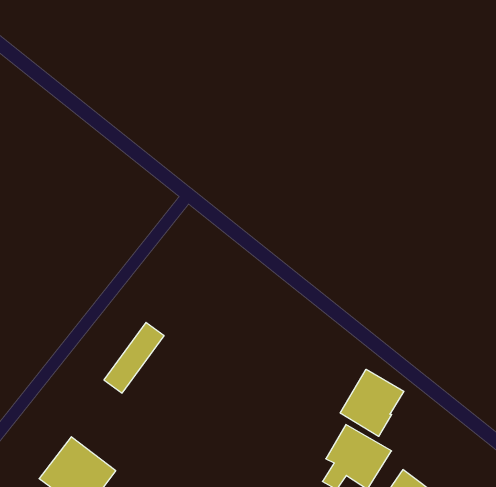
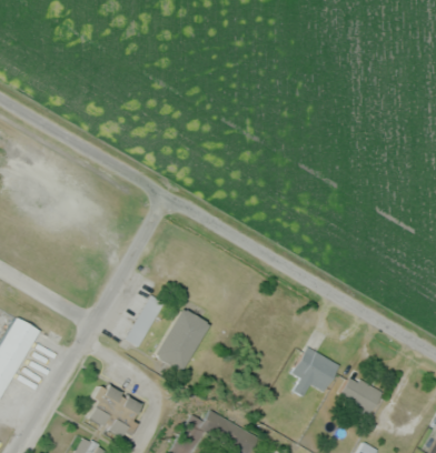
building: none -> [155,308,208,371]
building: [340,369,404,436] -> none

